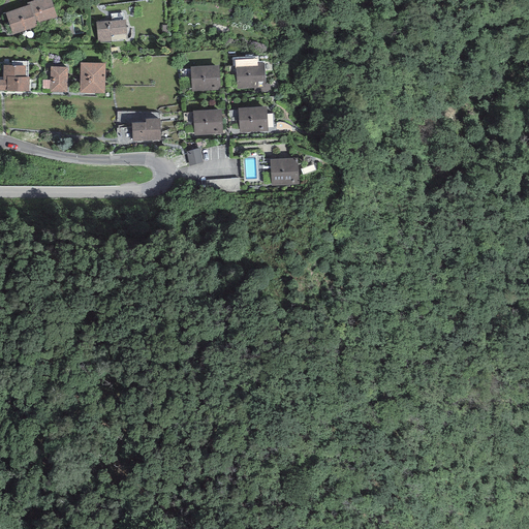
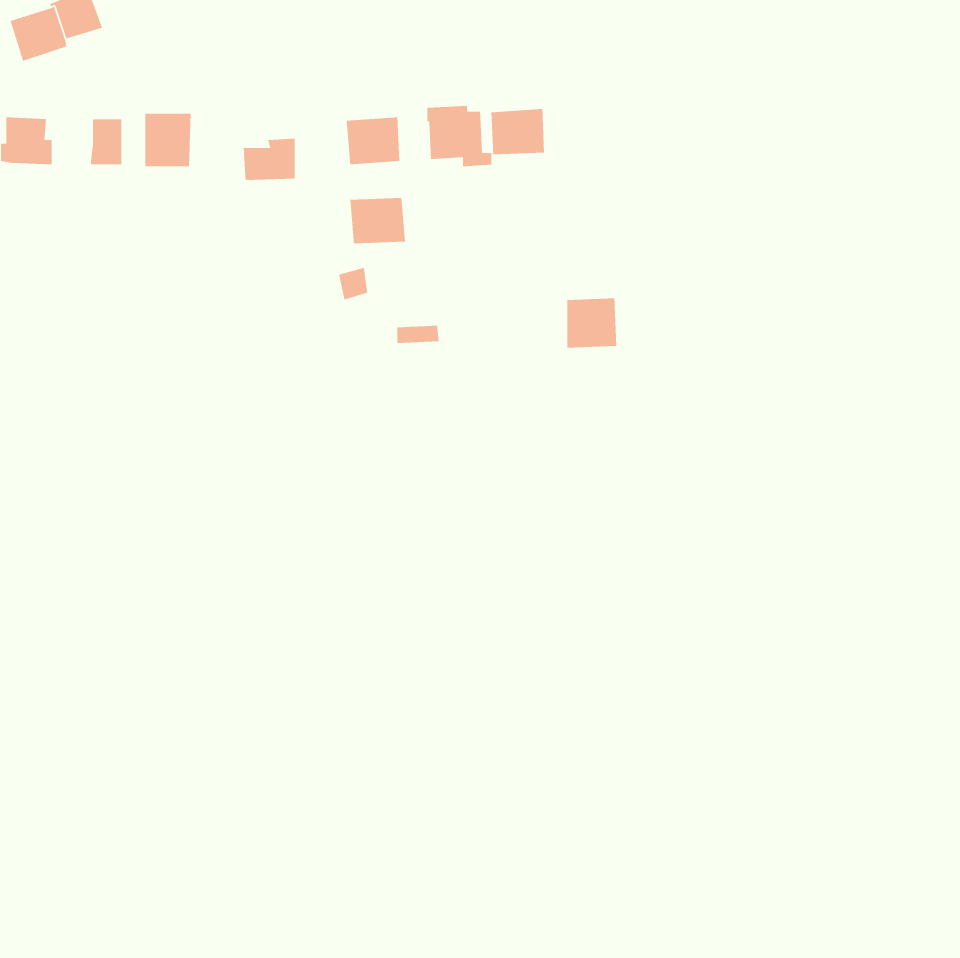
building: [96,19,127,41] -> none
building: [238,105,268,131] -> [490,108,545,155]
building: [131,117,160,141] -> [243,138,295,181]
building: [271,157,299,185] -> [566,298,617,348]

